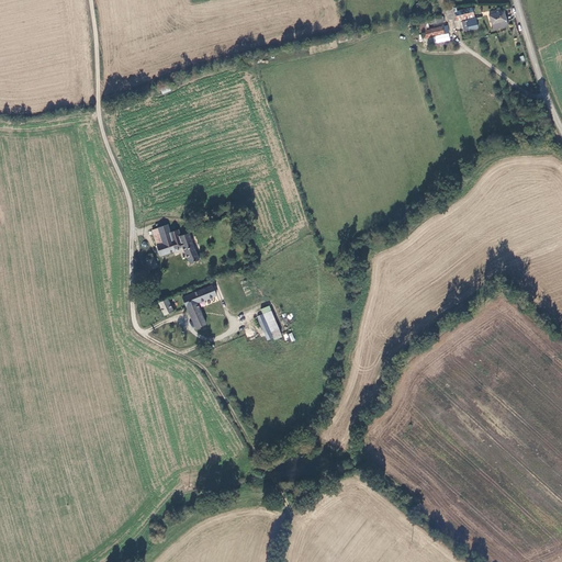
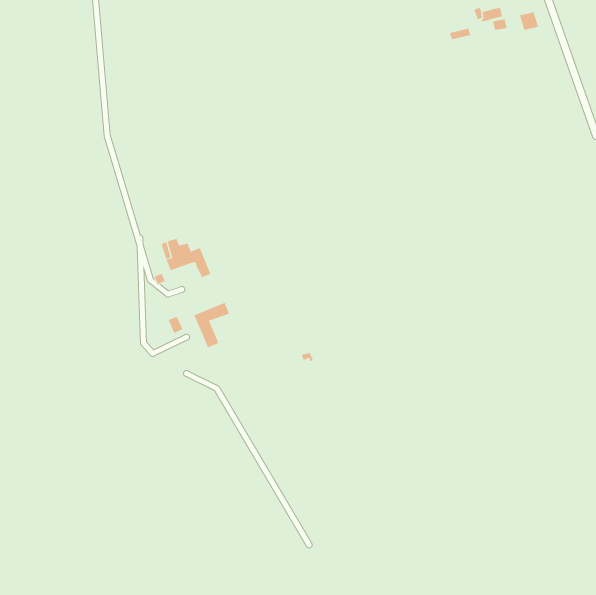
building: [257,304,281,341] -> none

